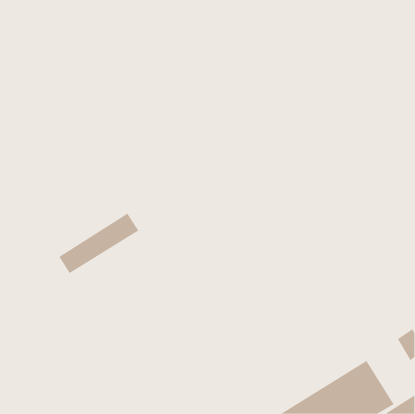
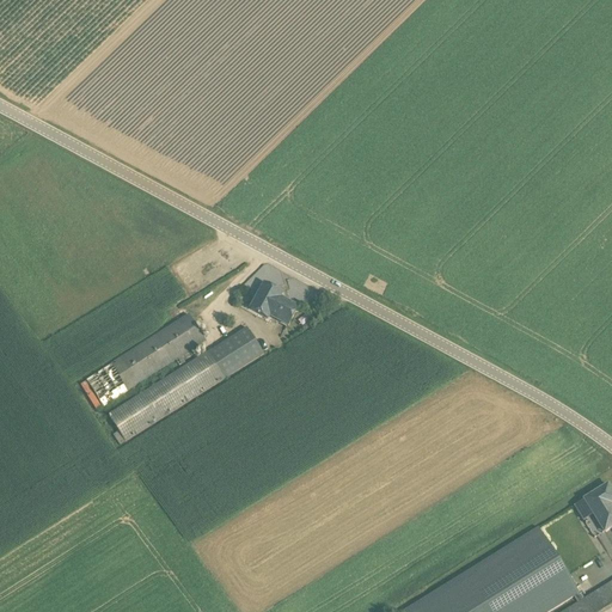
building: none -> [249,281,298,326]
building: none -> [109,326,263,442]

